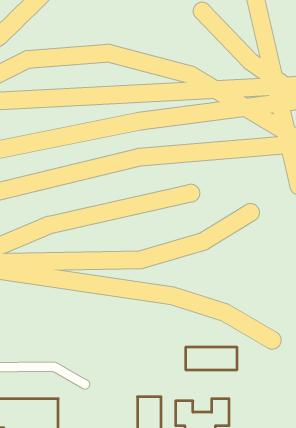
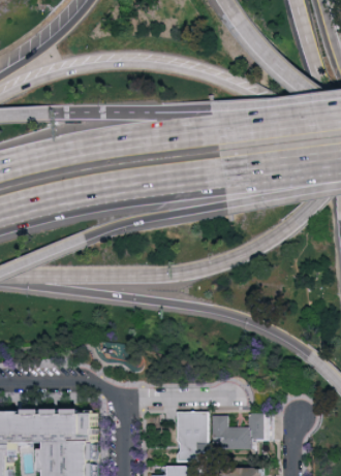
building: [186,347,237,370] -> none

